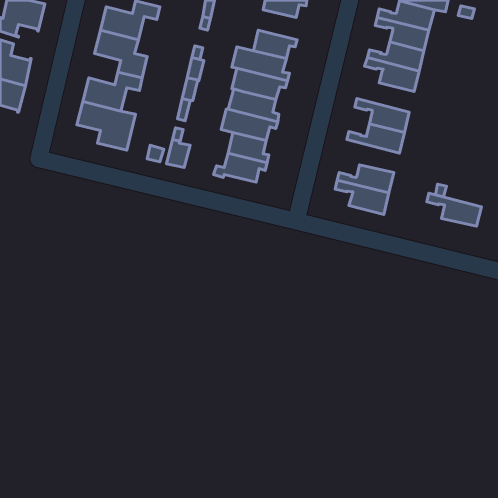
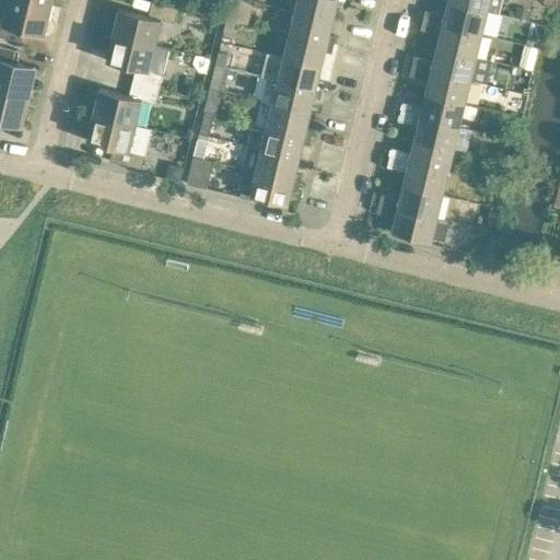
building: none -> [290,11,336,45]
building: none -> [400,93,465,126]
building: [427,193,481,226] -> [387,156,448,194]

